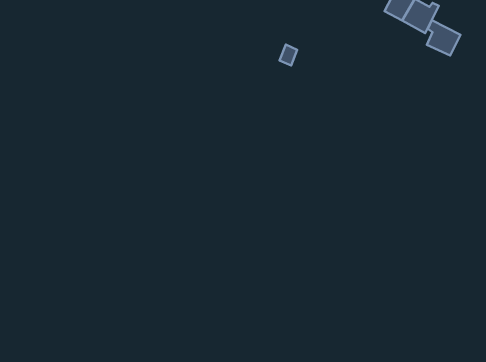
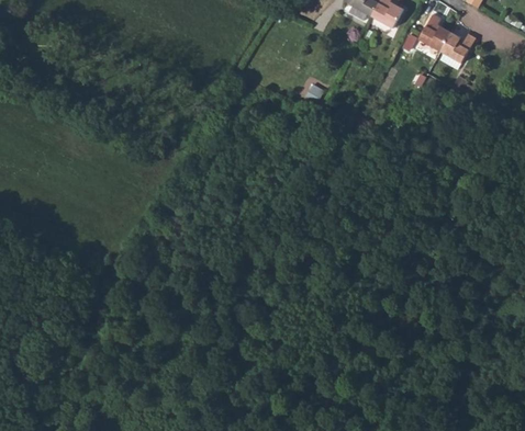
building: [427,20,461,55] -> none

